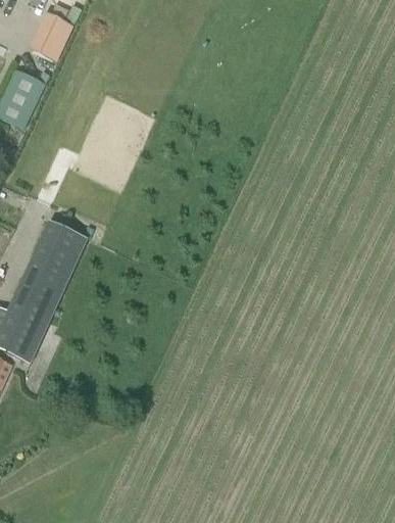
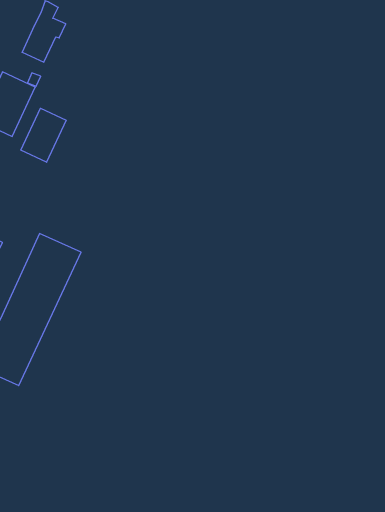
building: none -> [21,108,66,162]

